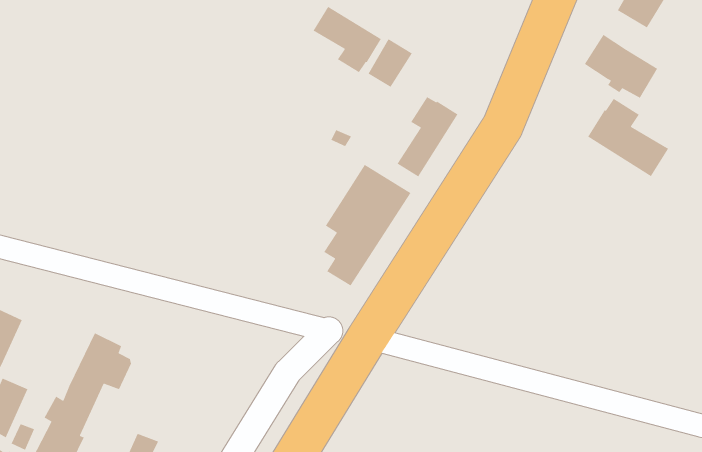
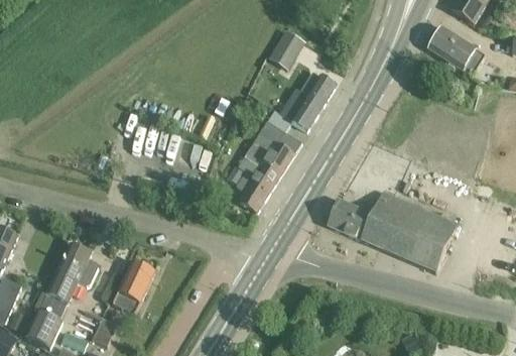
building: [312,6,382,73] -> none
building: [587,98,669,177] -> none
building: none -> [328,191,457,272]
building: none -> [111,260,154,315]

